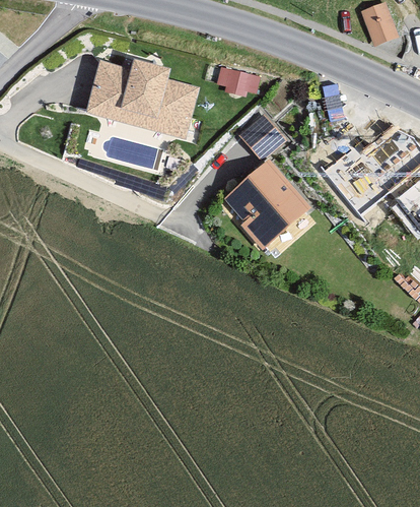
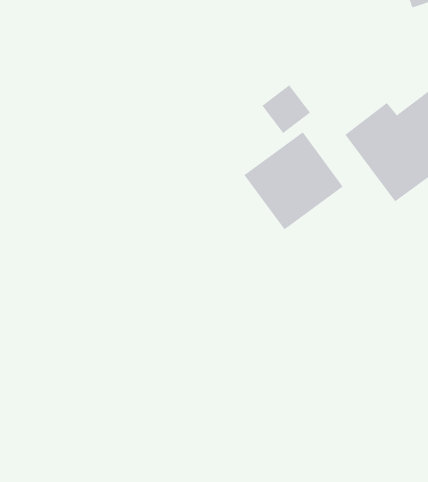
building: [86,63,195,138] -> none
building: [216,66,260,97] -> none

